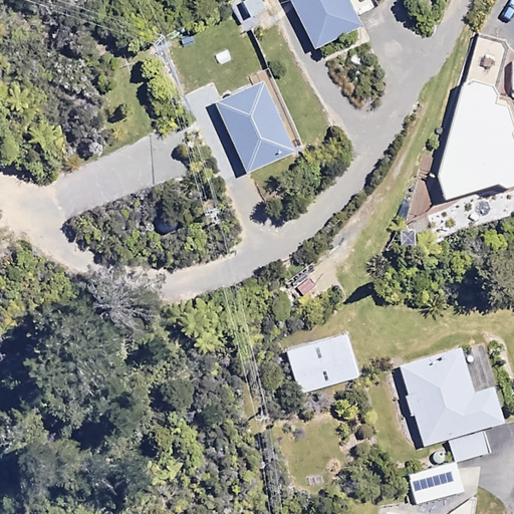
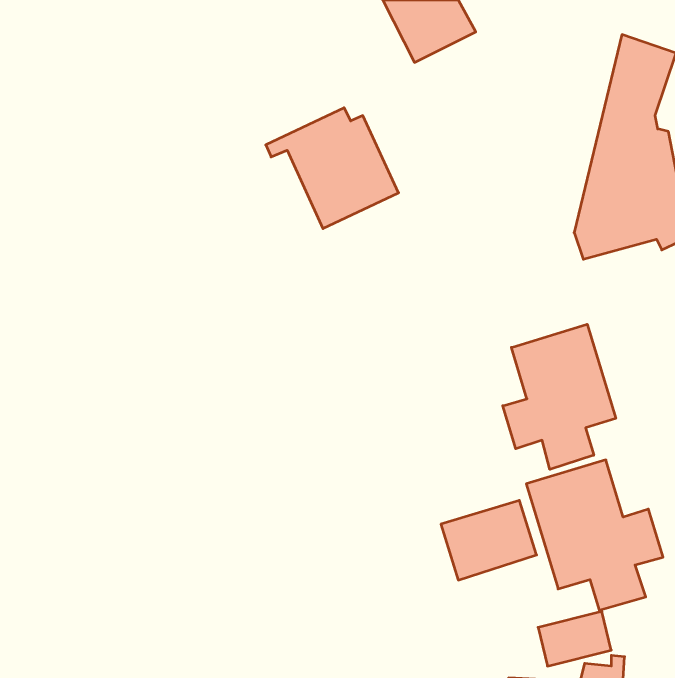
building: none -> [503,324,616,469]
building: [287,335,359,396] -> [441,500,537,580]

